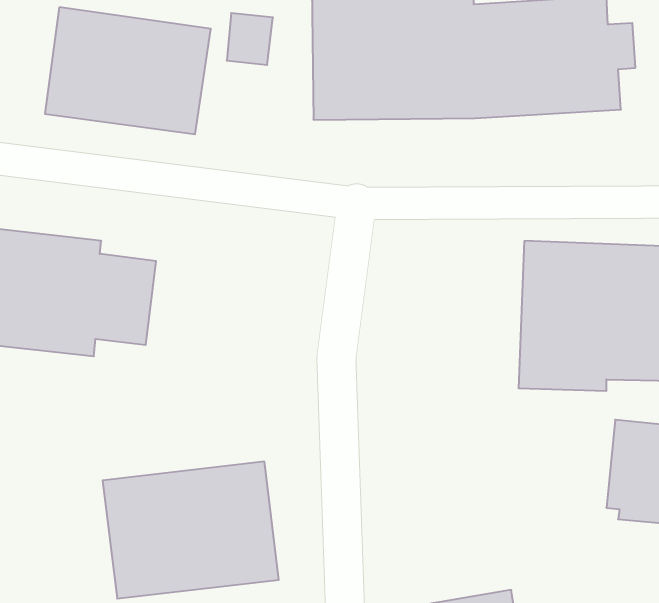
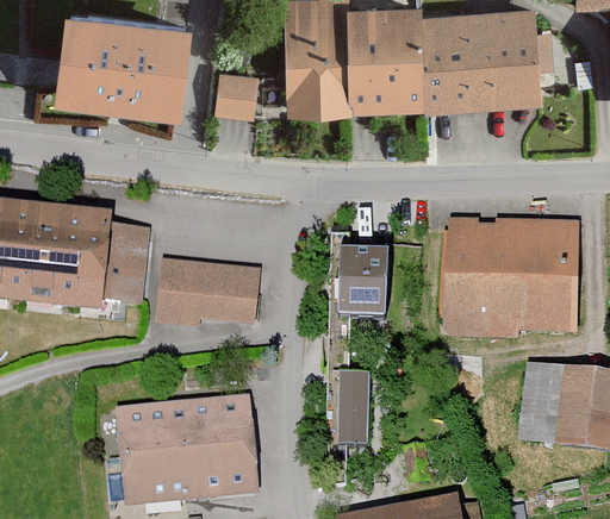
building: [227,13,273,65] -> [211,75,249,118]
building: none -> [320,255,384,323]
building: none -> [160,257,262,324]
building: none -> [329,377,360,450]

